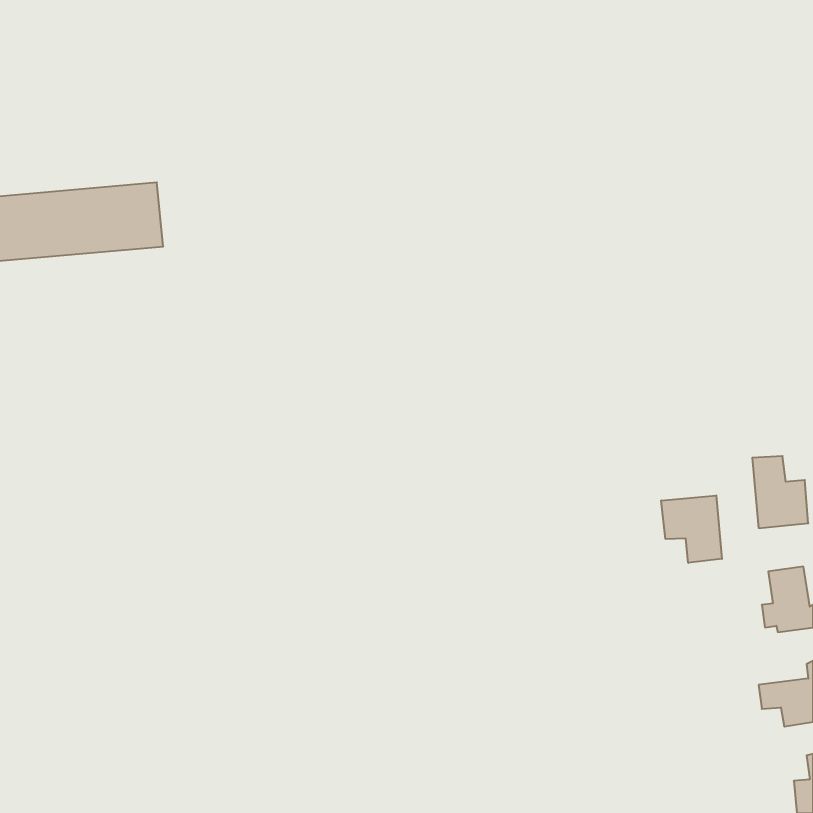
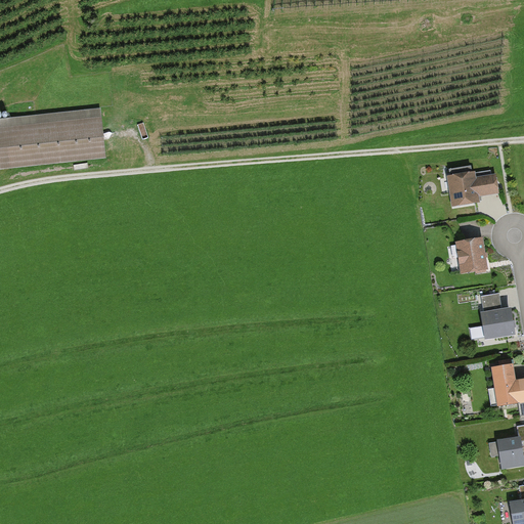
building: none -> [447,165,497,206]
building: none -> [450,237,488,272]
building: [661,495,722,563] -> none

